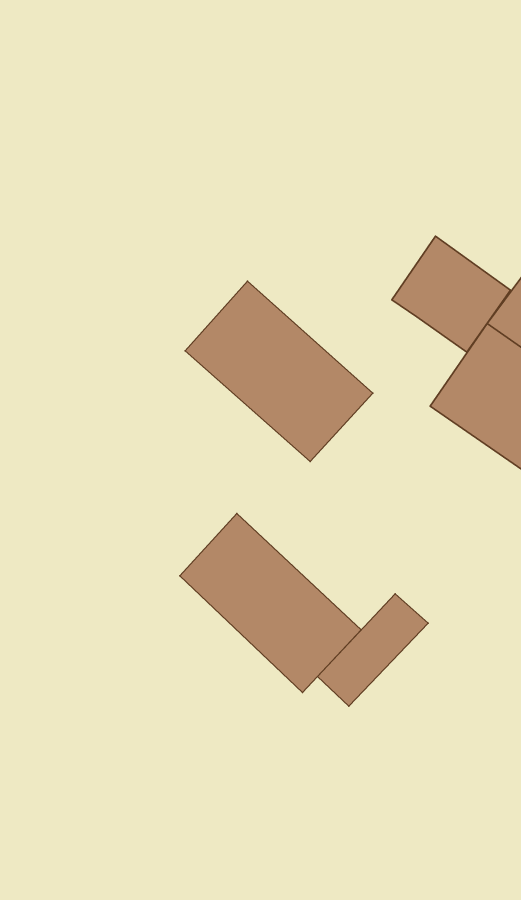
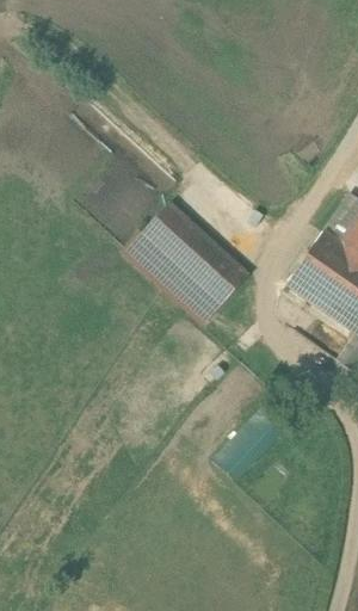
building: [392,236,511,352] -> none
building: [180,513,361,692] -> none

